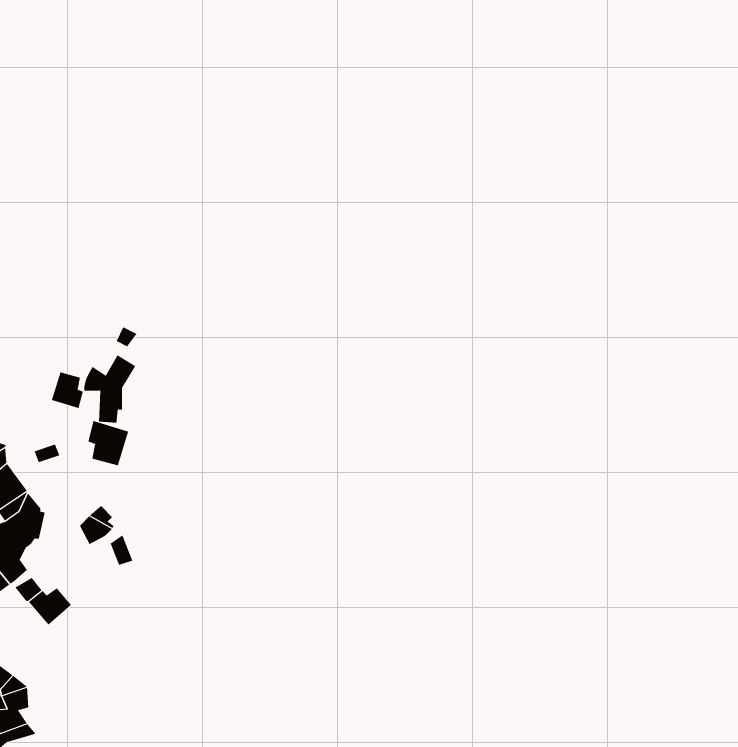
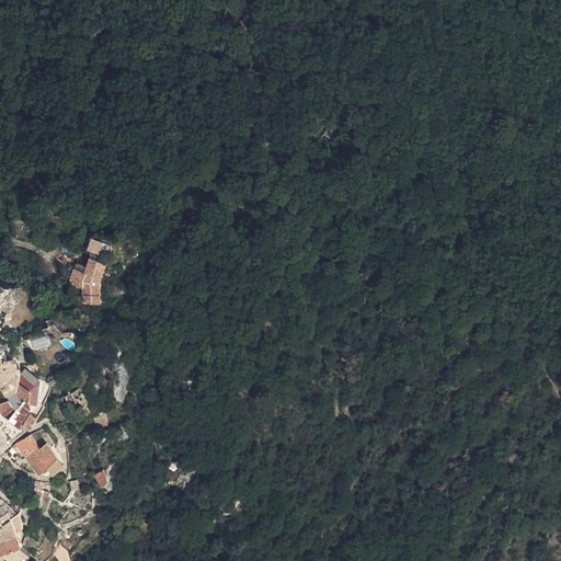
building: [51,371,83,409] -> none
building: [88,420,129,466] -> none

